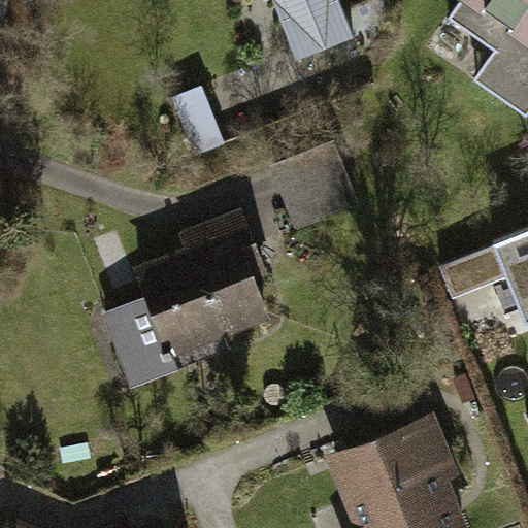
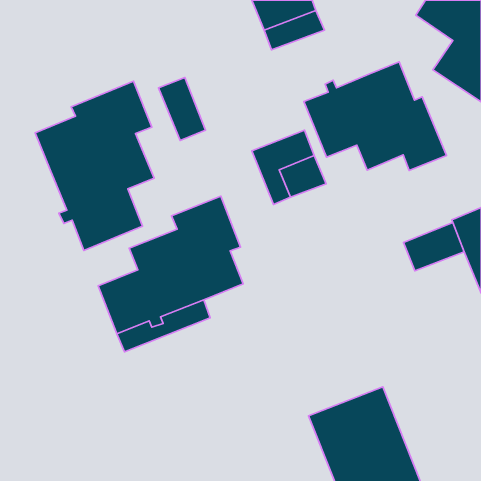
building: none -> [304,62,447,171]
building: none -> [35,81,154,250]

